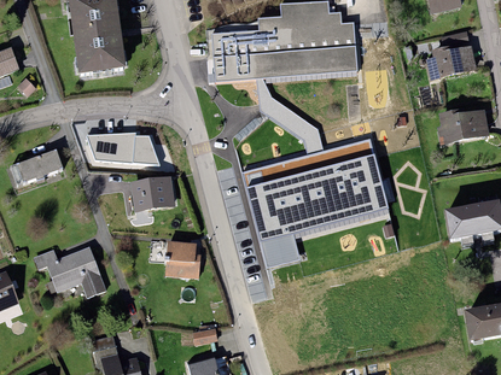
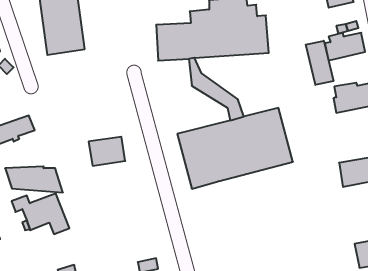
building: none -> [306,41,333,85]
building: [87,133,159,165] -> [5,166,63,192]
building: [260,232,301,268] -> none
building: [164,241,200,280] -> none

